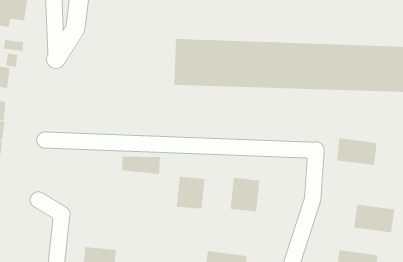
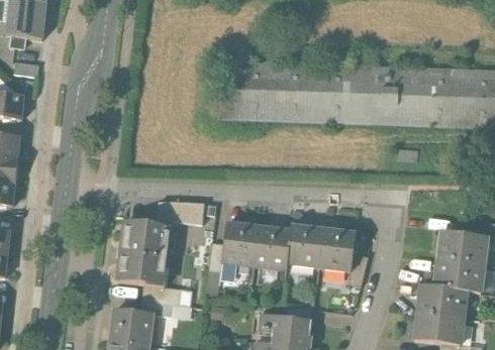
building: [336,138,378,166] -> [438,232,488,265]
building: none -> [118,223,171,286]
building: none -> [254,229,290,269]
building: none -> [319,231,355,272]
building: none -> [418,285,467,320]

